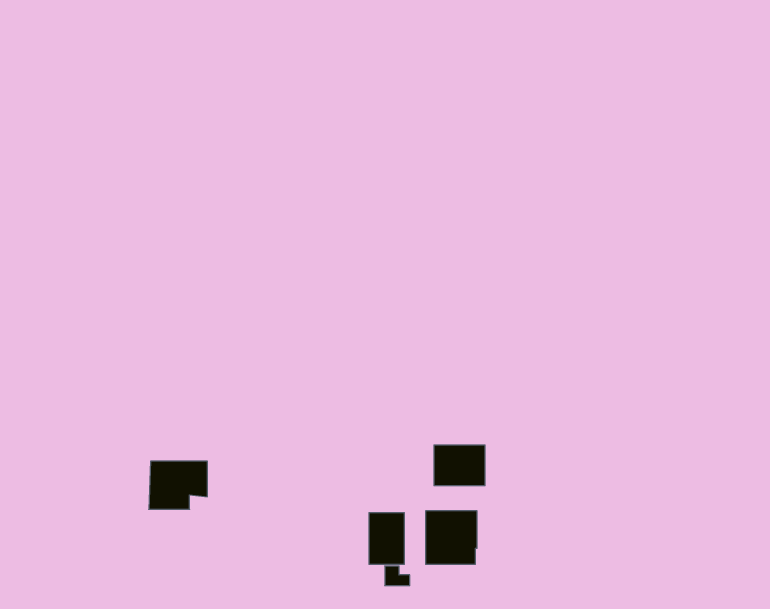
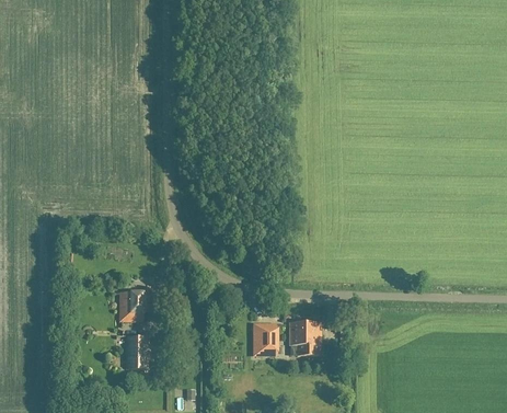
building: [434,445,485,486] -> none
building: none -> [126,336,149,367]

